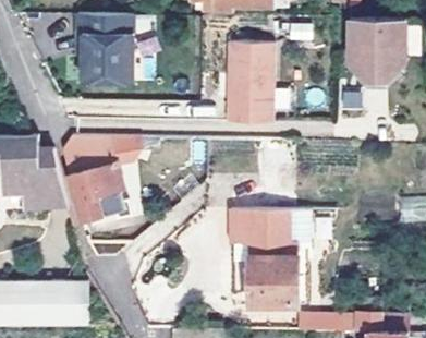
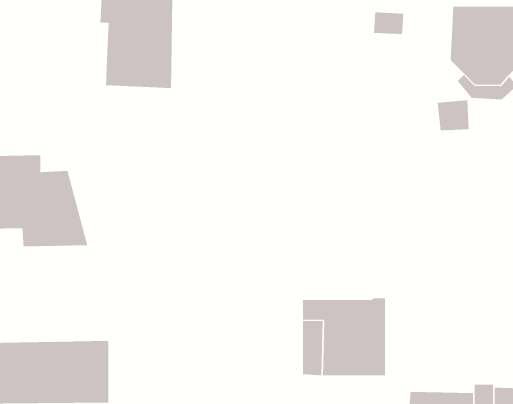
building: [227,43,276,124] -> none
building: [62,135,139,221] -> none
building: [229,209,297,246] -> none

